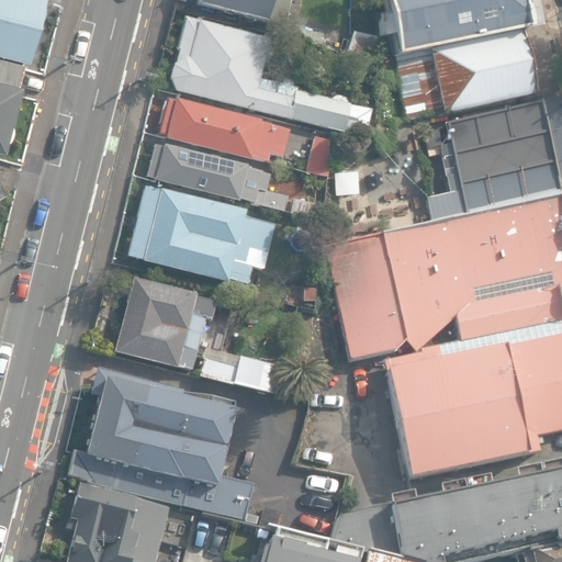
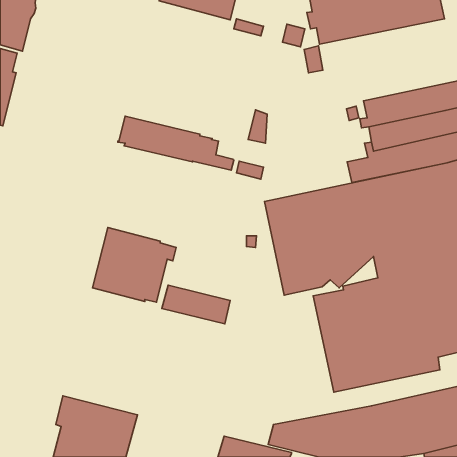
building: [170,18,372,134] -> none
building: [395,31,532,117] -> none
building: [158,97,290,159] -> none
building: [128,184,276,282] -> none
building: [69,367,239,509] -> none

